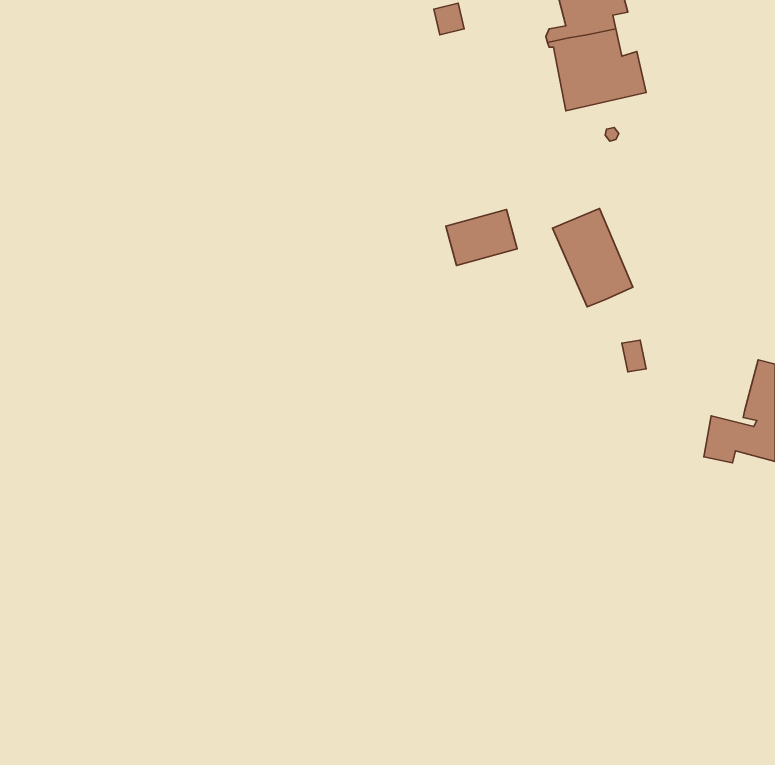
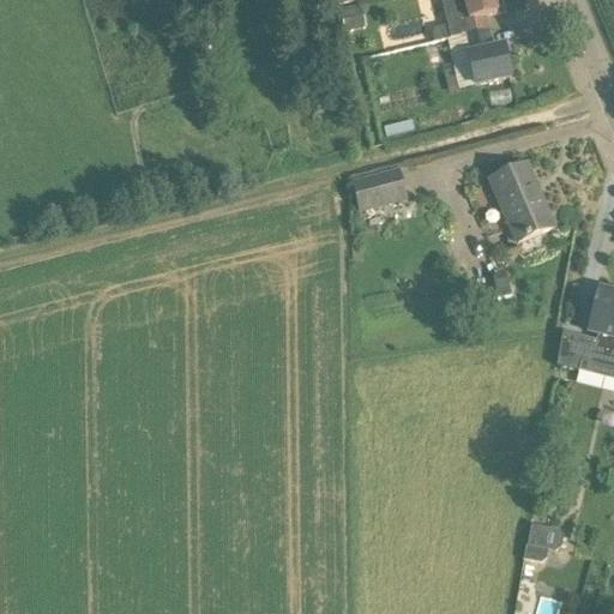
building: [552,208,633,307] -> [489,161,553,239]
building: none -> [523,520,564,559]

